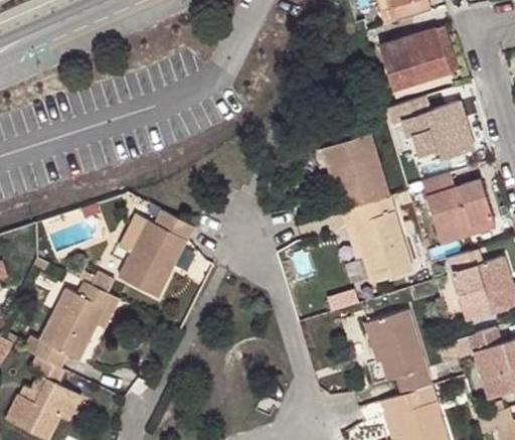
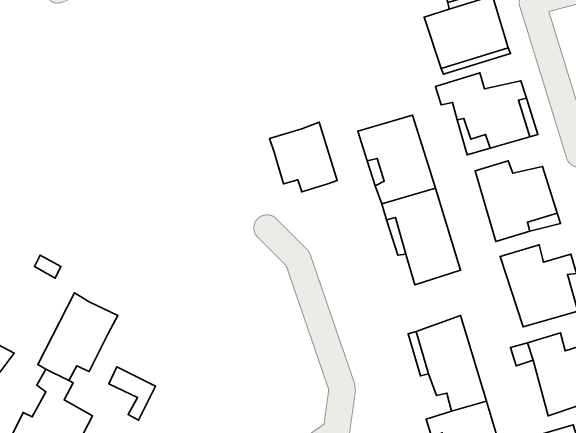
building: none -> [269,122,337,192]
building: [118,210,192,297] -> none
building: [80,282,122,329] -> [109,367,156,420]

